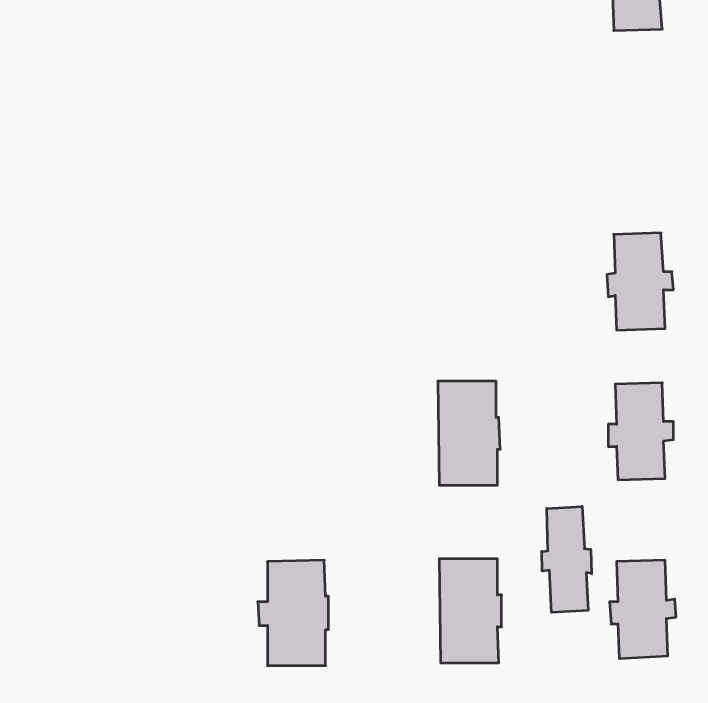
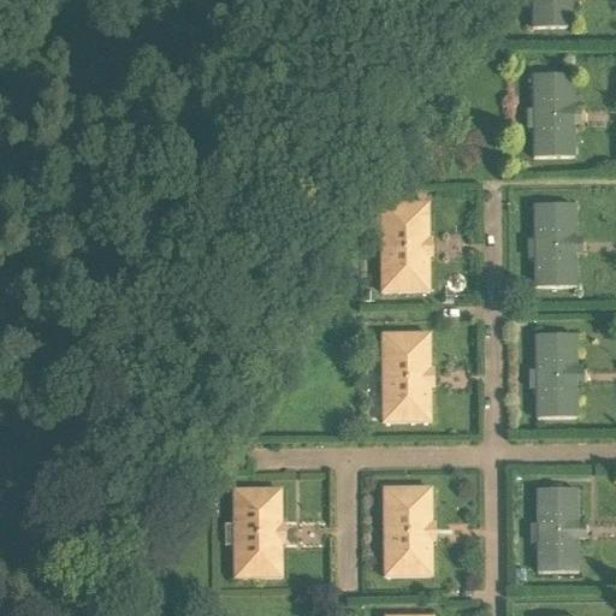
building: none -> [526,72,584,156]
building: none -> [379,201,433,291]
building: [542,506,592,612] -> none

